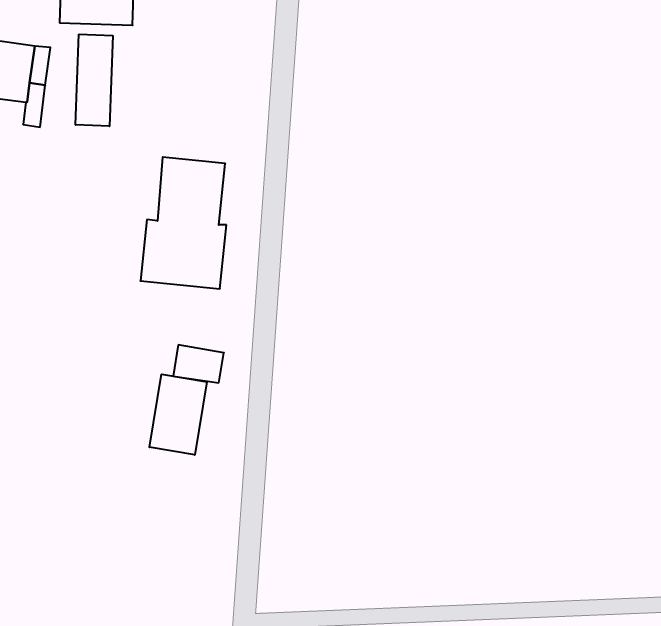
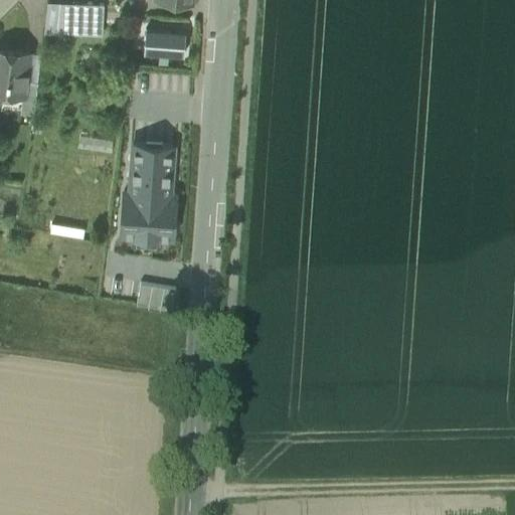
building: none -> [144,31,184,51]
building: [76,34,113,126] -> none
building: [149,374,207,455] -> none

